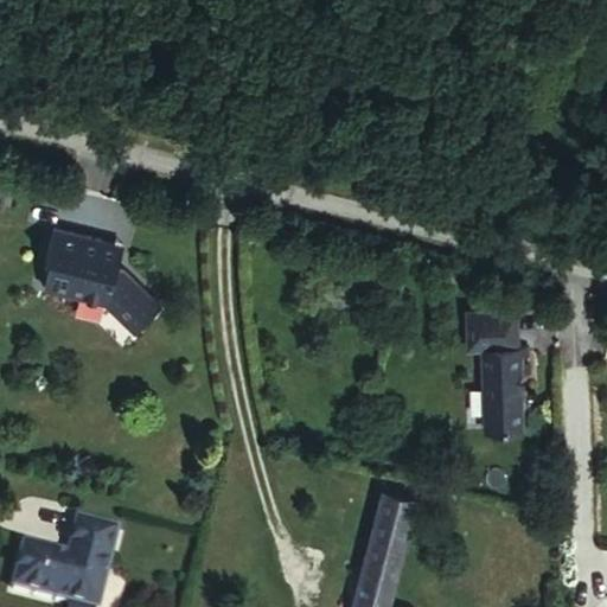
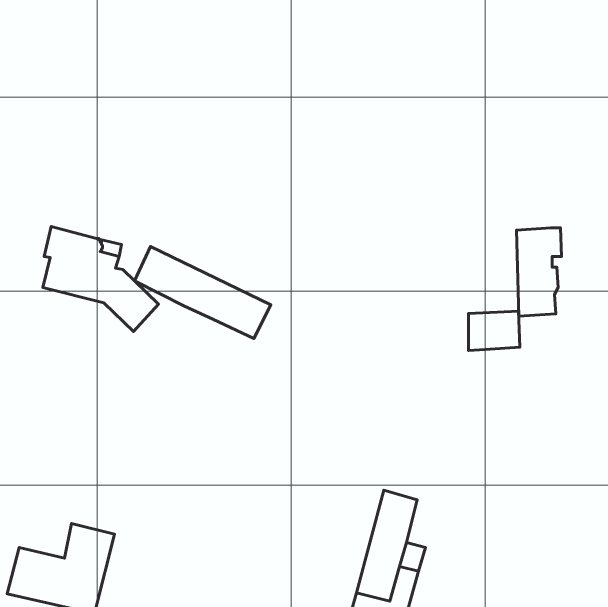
building: none -> [135,246,271,339]
building: [484,347,529,435] -> [516,228,562,316]

